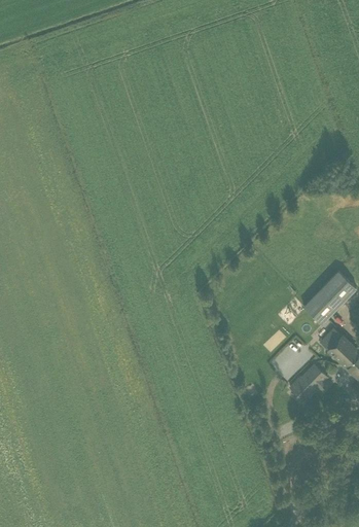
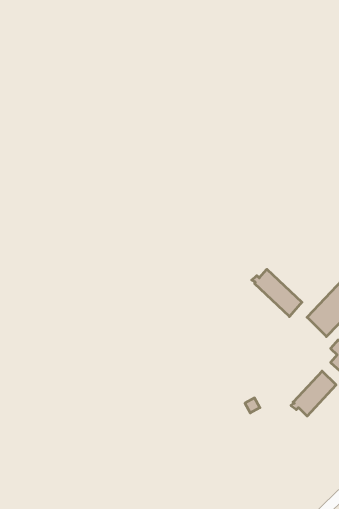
building: none -> [252,269,302,317]

